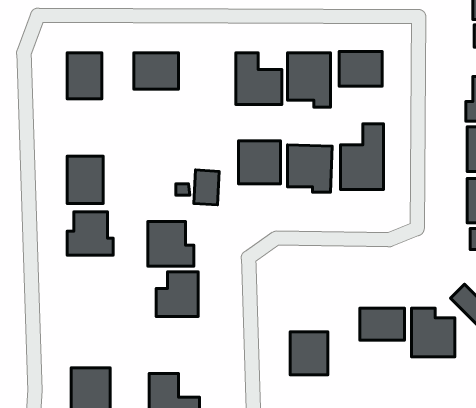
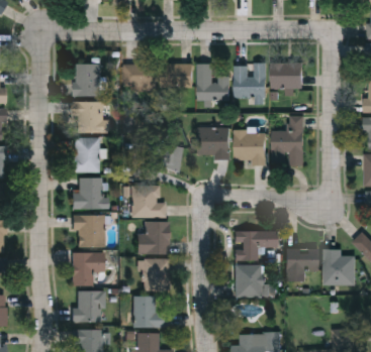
building: none -> [161,64,191,88]
building: none -> [74,102,108,133]
building: none -> [73,216,105,247]
building: none -> [235,231,282,260]
building: none -> [73,253,105,285]
building: none -> [144,259,171,291]

